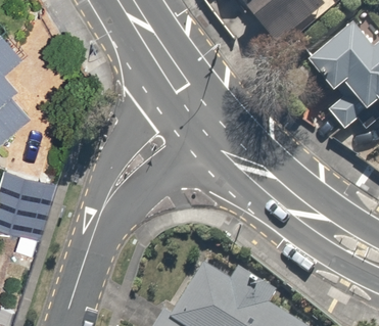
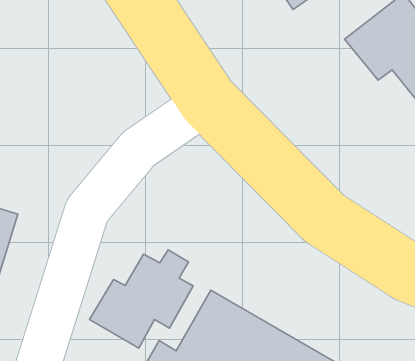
building: none -> [90,250,193,348]

